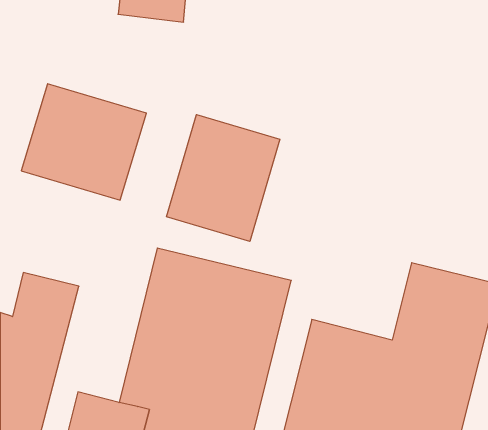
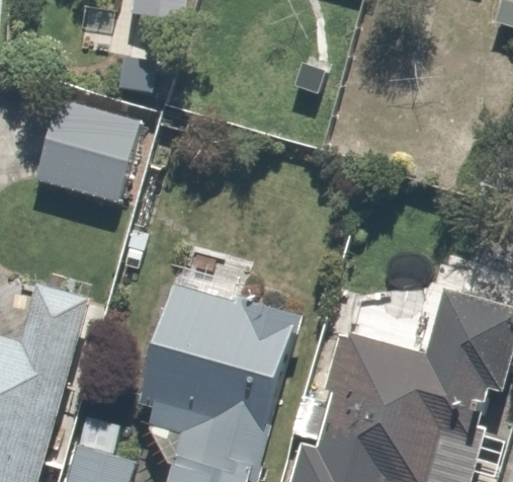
building: [166,115,280,241] -> none

